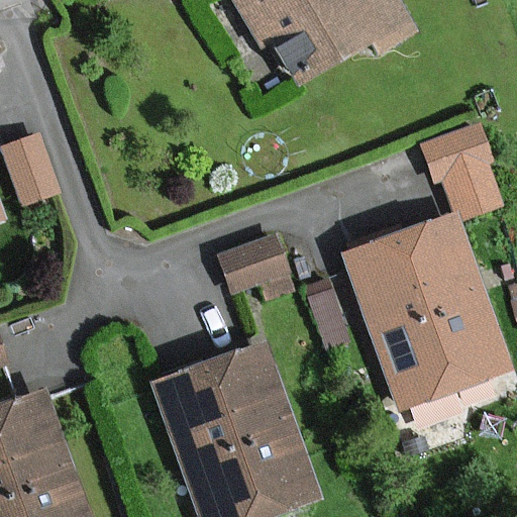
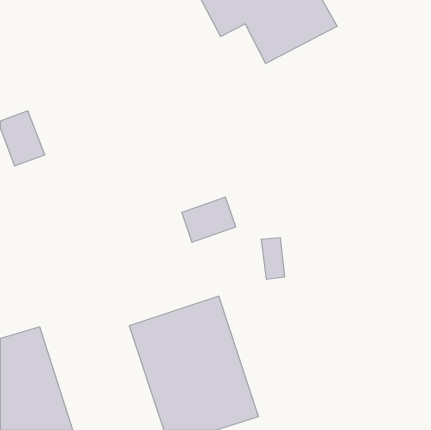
building: [427,133,494,209] -> none
building: [344,217,510,410] -> none

